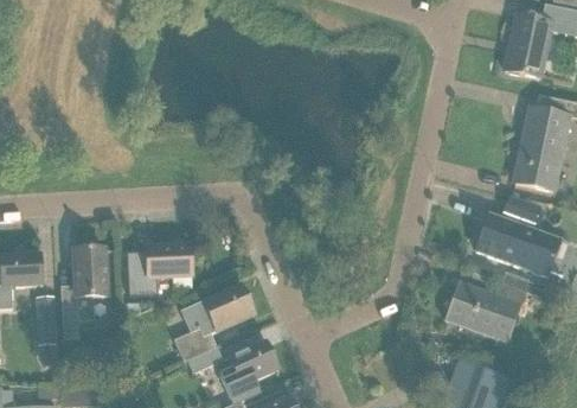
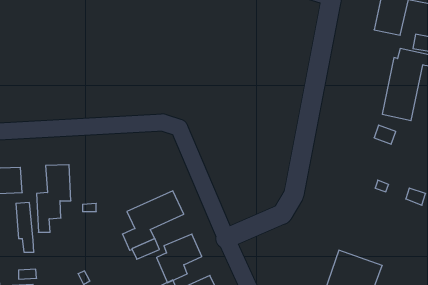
building: [476,213,560,276] -> none
building: [132,244,192,293] -> none
building: [445,281,525,342] -> none

